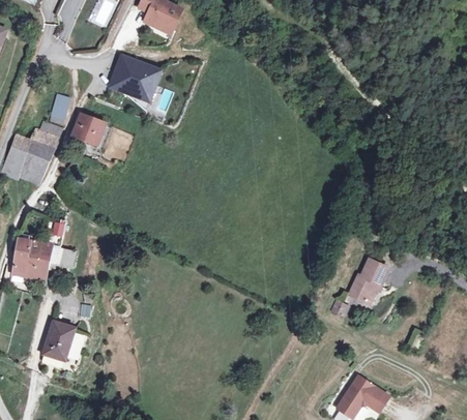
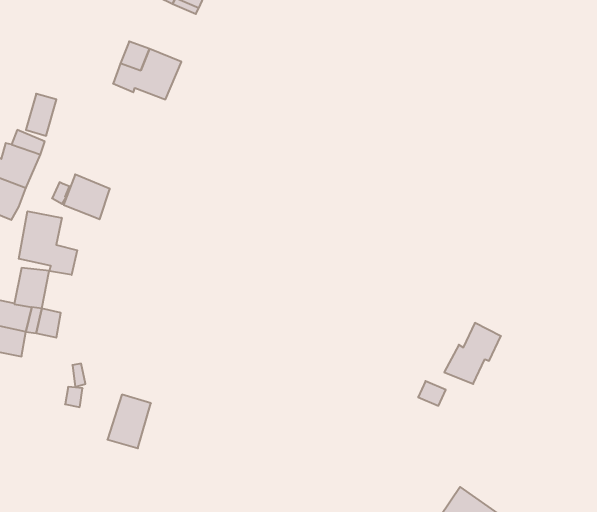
building: [72,113,106,145] -> [64,174,110,219]
building: none -> [19,211,77,275]
building: [42,321,74,359] -> [107,395,151,448]

